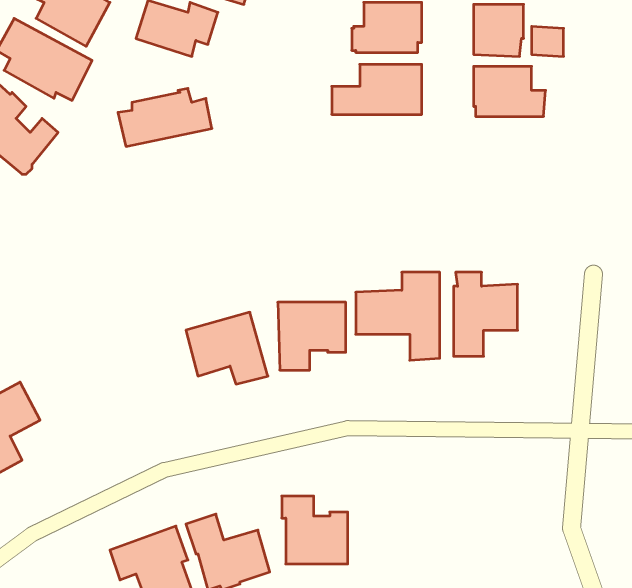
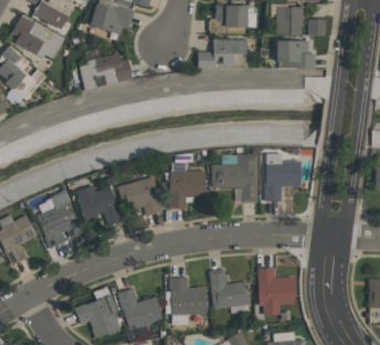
building: none -> [75,183,123,224]
building: none -> [35,188,83,247]
building: none -> [258,267,295,314]
building: none -> [209,268,251,308]

